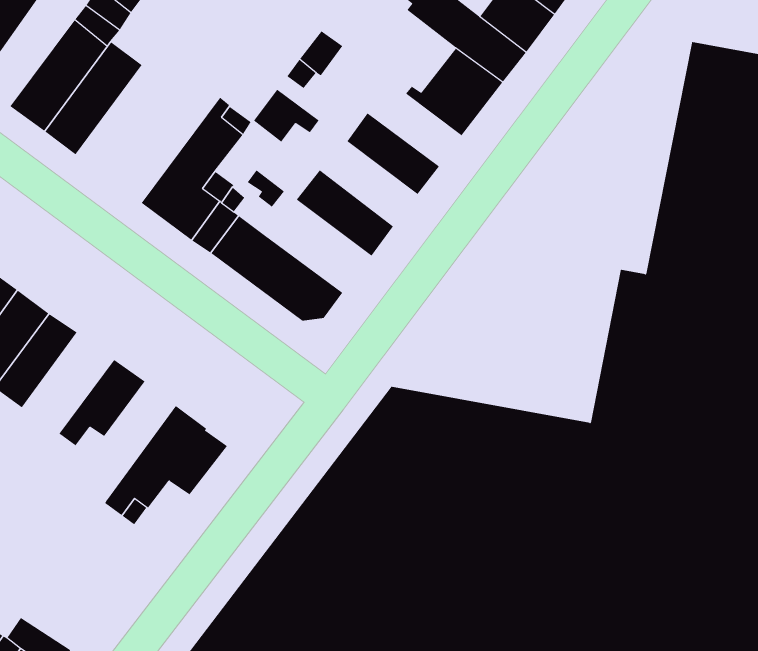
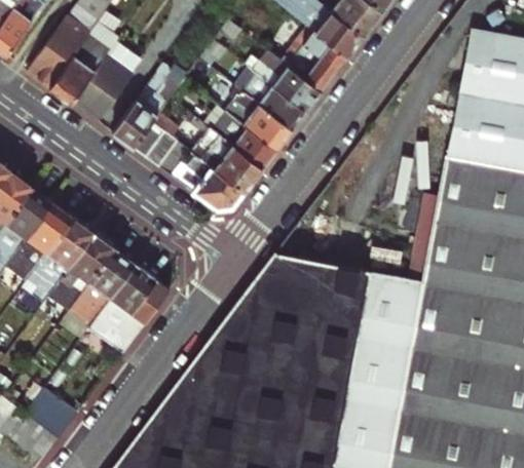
building: none -> [71,41,142,121]
building: none -> [256,52,322,110]
building: none -> [229,89,293,149]
building: none -> [193,129,263,192]
building: none -> [35,218,96,298]
building: none -> [70,249,136,326]

